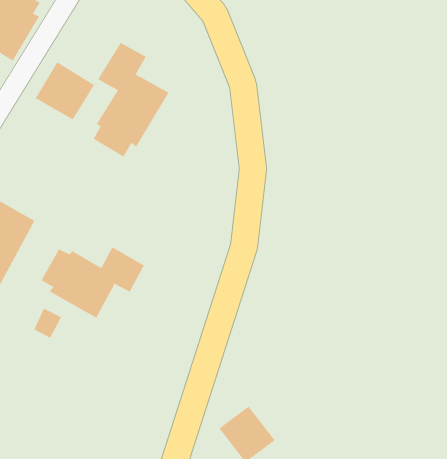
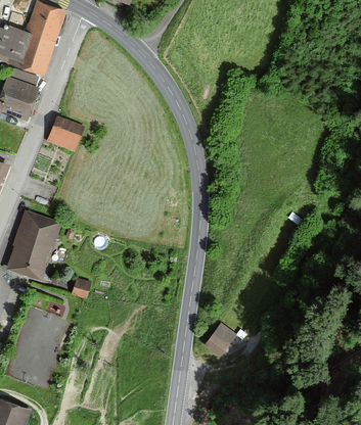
building: [93,42,169,158] -> none
building: [41,247,144,319] -> none

